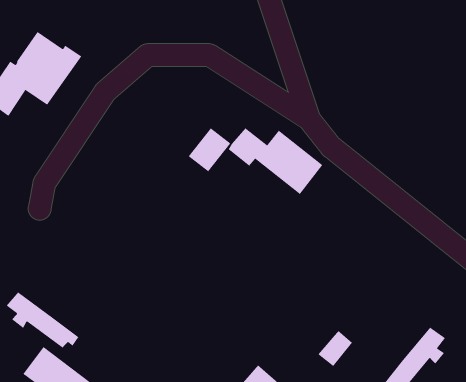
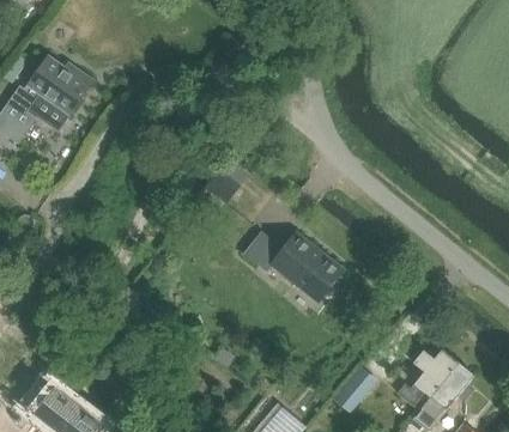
building: [228,127,323,195] -> [243,232,343,303]
building: [6,292,79,348] -> none
building: none -> [398,351,458,406]

